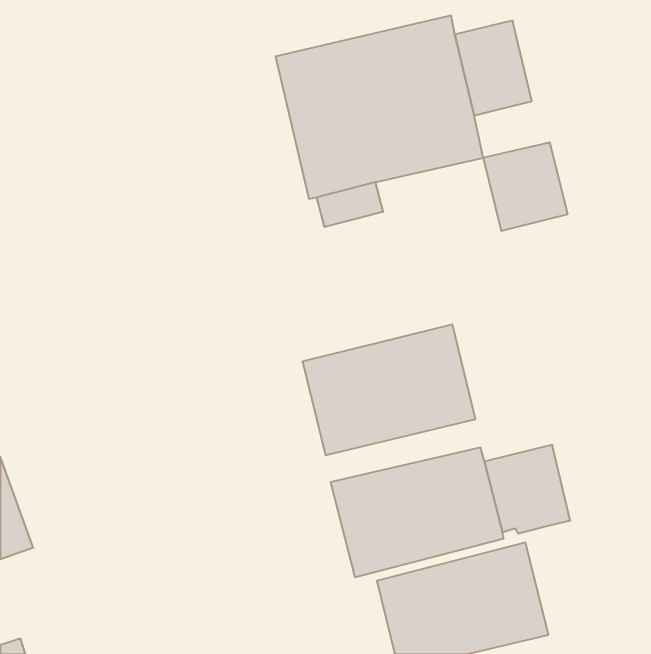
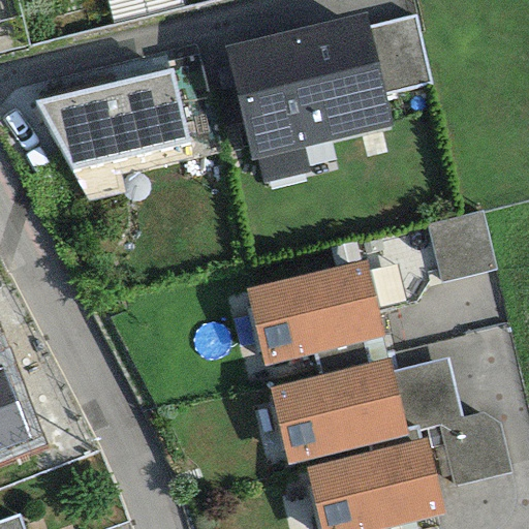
building: none -> [36,68,189,172]
building: [483,142,568,231] -> [429,212,497,283]
building: none -> [440,414,512,487]

